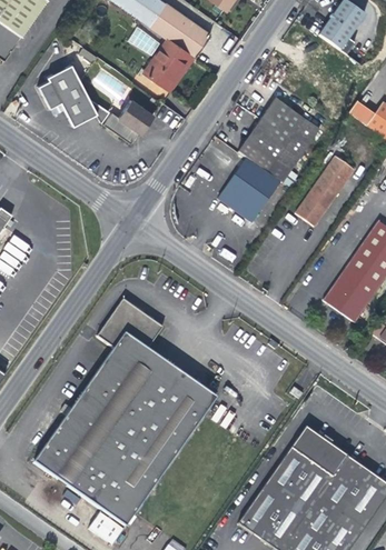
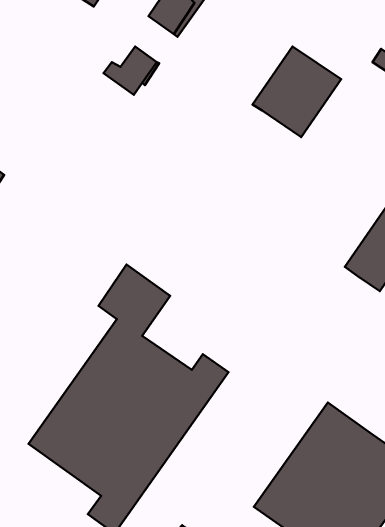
building: [37,63,102,126] -> none
building: [295,156,355,227] -> none
building: [217,157,281,222] -> none
building: [137,349,192,394] -> none

